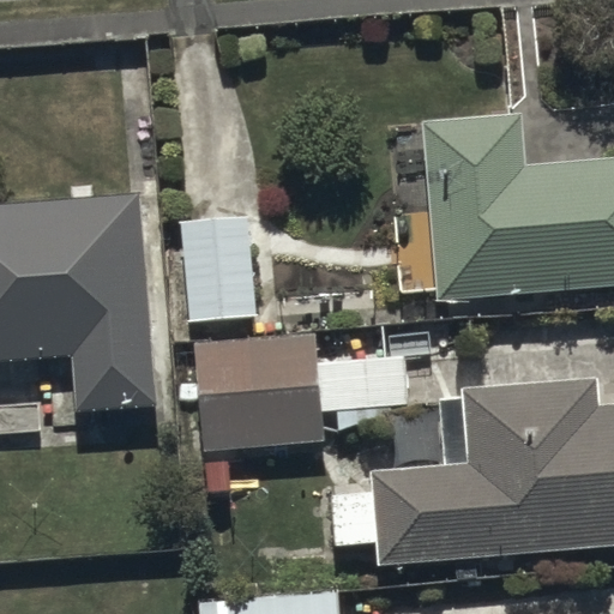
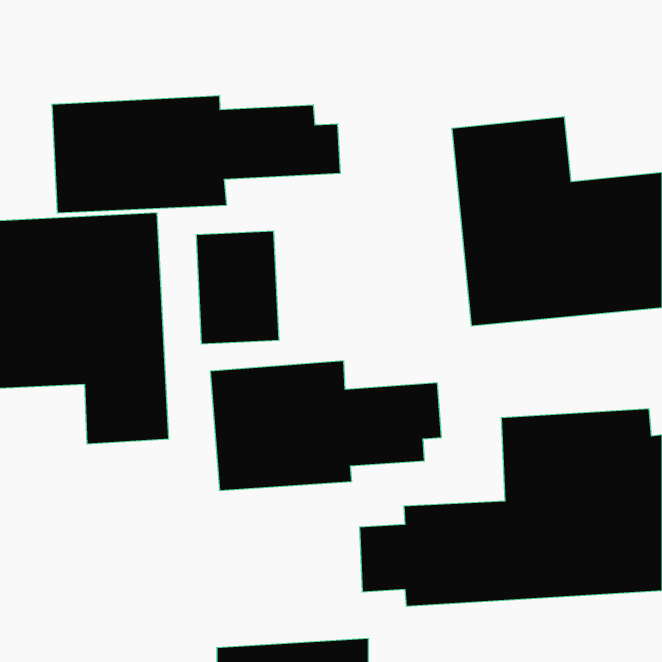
building: none -> [52,95,340,213]

